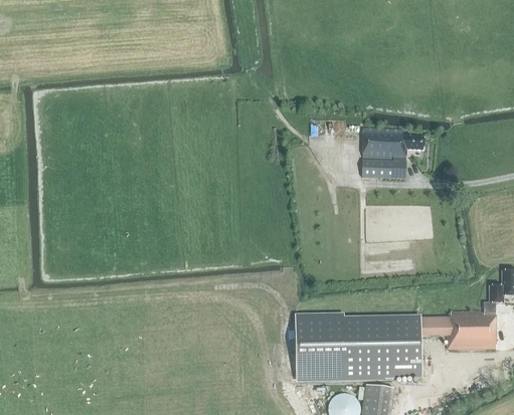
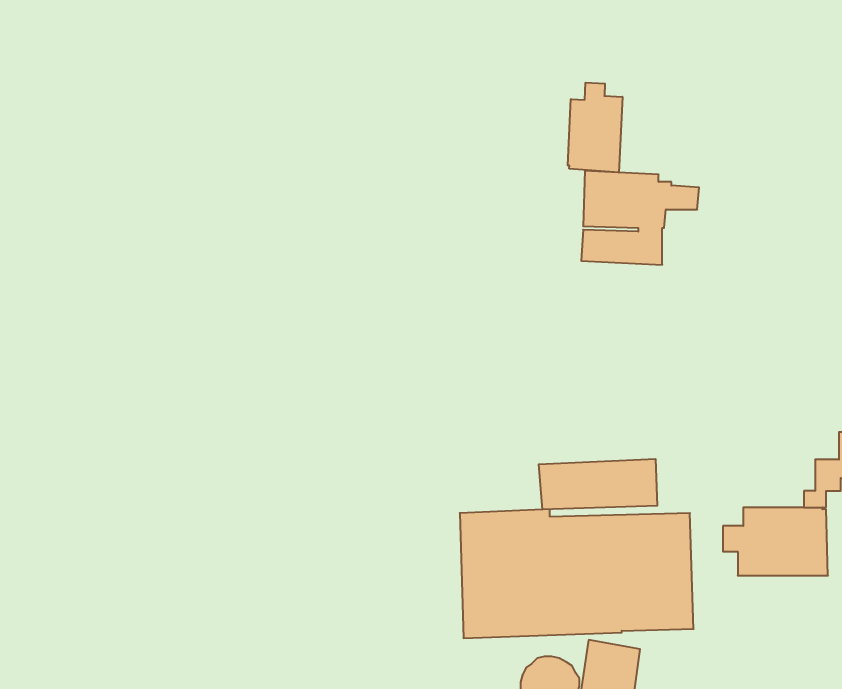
building: none -> [568,83,622,173]
building: none -> [539,459,657,510]

